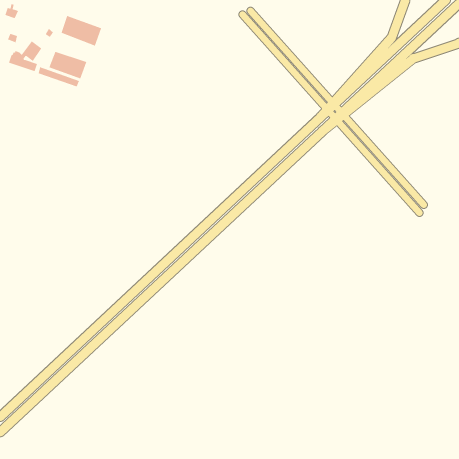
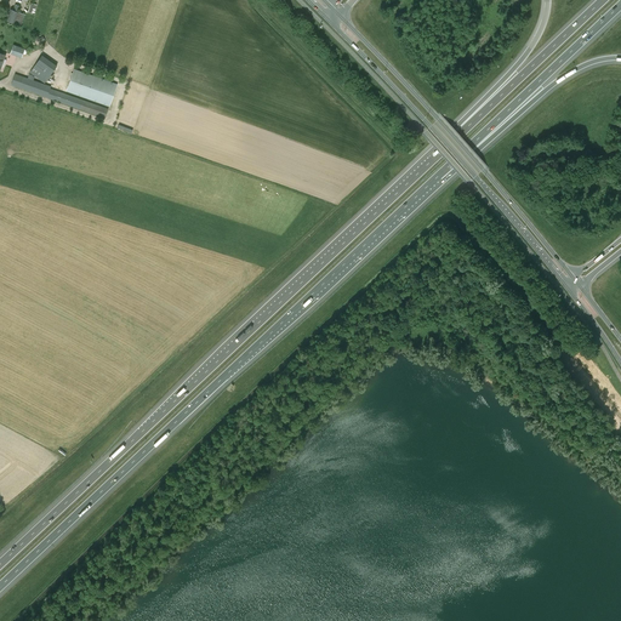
building: [61,15,102,47] -> none

